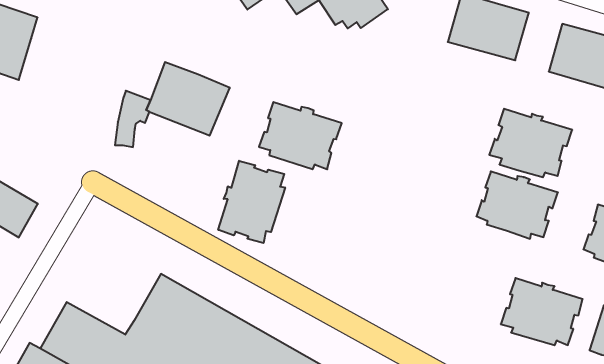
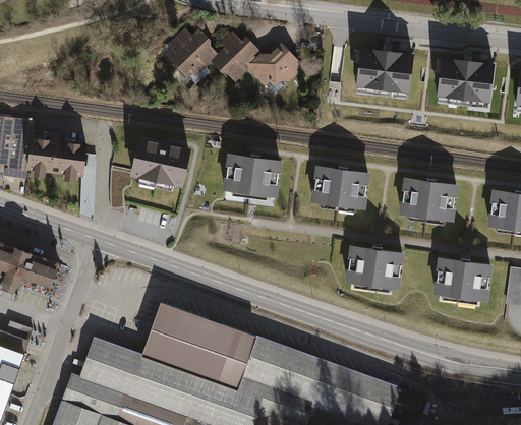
building: none -> [25,137,85,177]
building: [489,109,572,177] -> [309,165,370,212]
building: [218,161,285,243] -> none
building: none -> [344,245,404,292]

